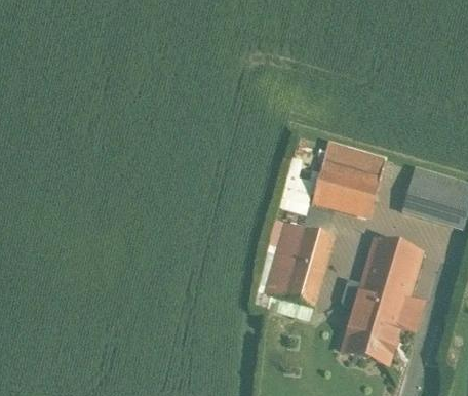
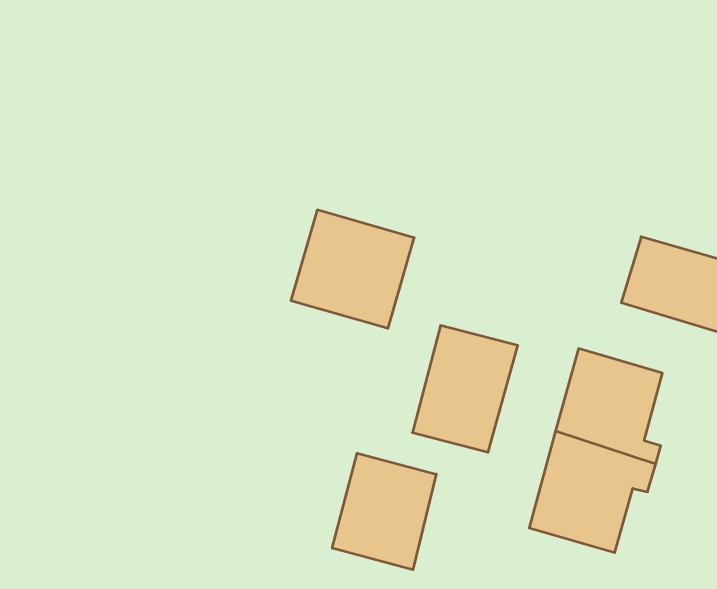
building: [309,141,386,214] -> [291,210,414,328]
building: none -> [332,453,436,570]

